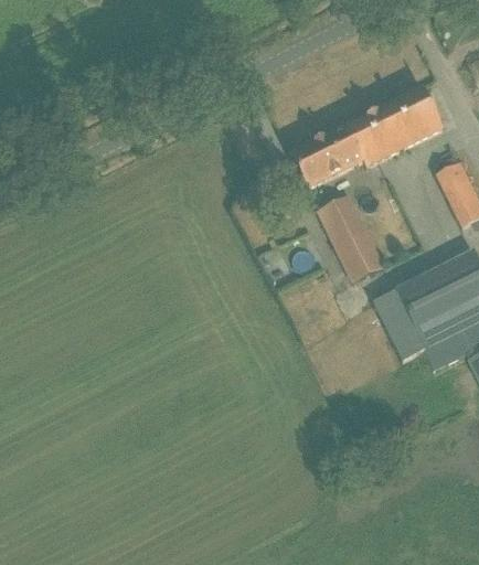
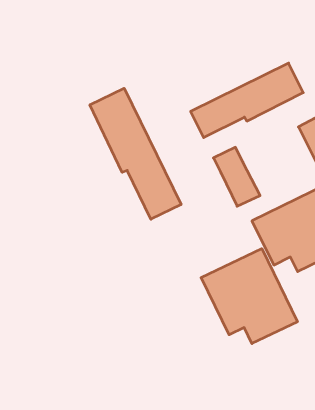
building: none -> [90,88,181,219]
building: none -> [201,249,297,344]

